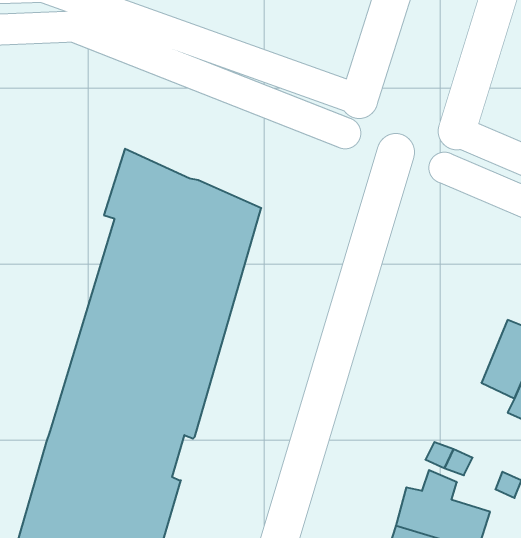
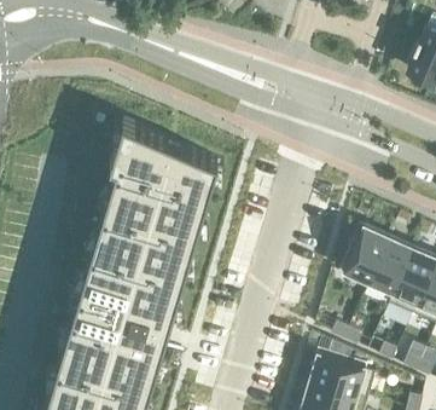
building: none -> [342,226,388,281]

